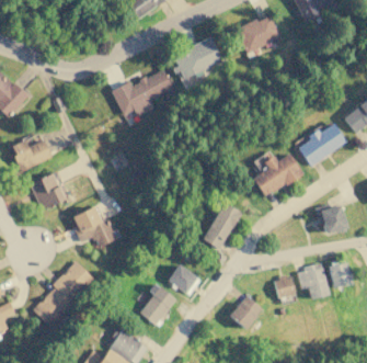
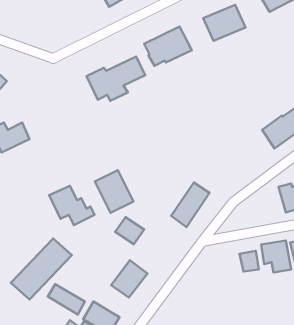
building: [254,151,303,197] -> none
building: [30,173,66,211] -> none
building: none -> [95,170,133,213]
building: [168,264,198,293] -> [115,217,144,244]
building: [229,295,262,329] -> none
building: none -> [48,284,85,314]

